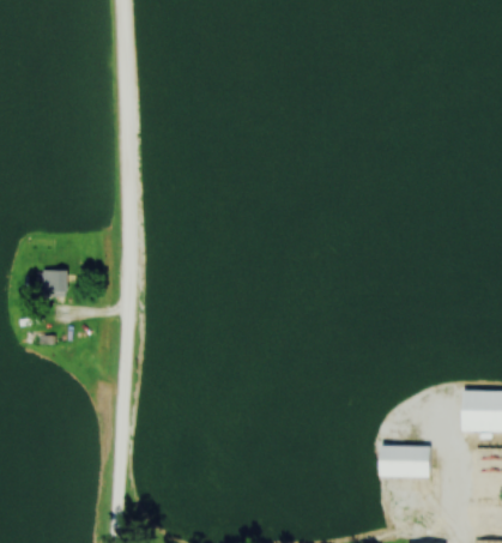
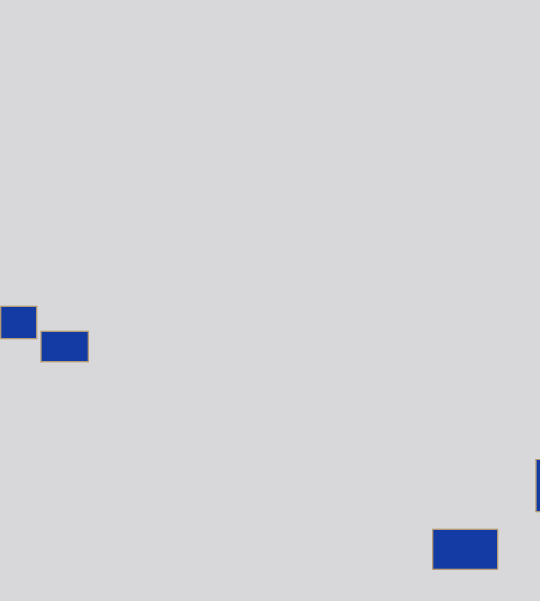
building: none -> [41,331,88,362]

